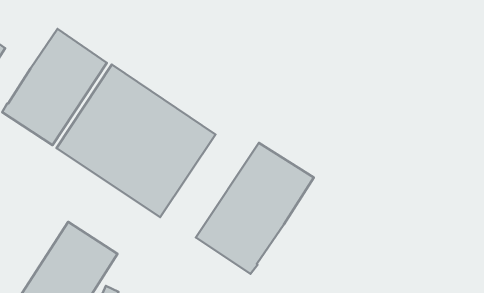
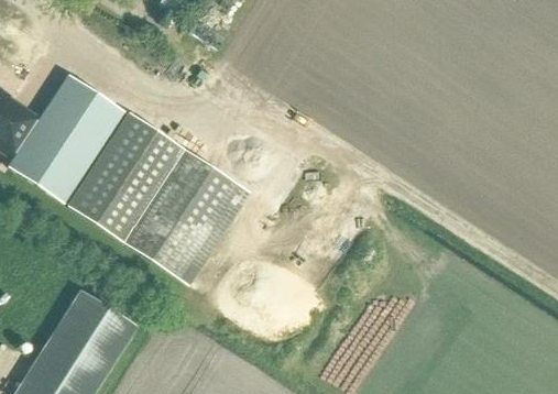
building: [196,143,314,274] -> none

